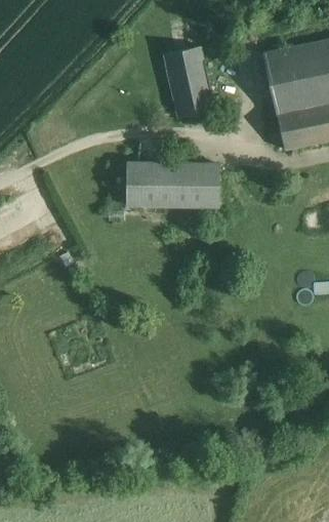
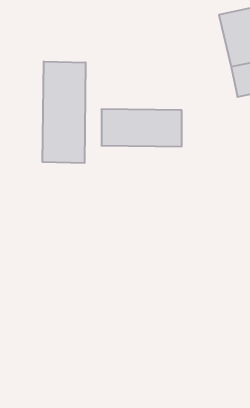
building: [163,46,214,118] -> none
building: none -> [43,61,86,163]

